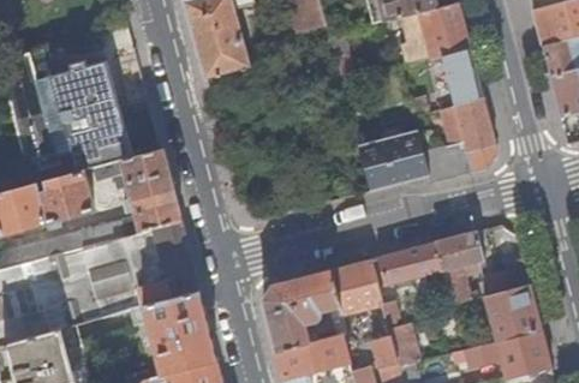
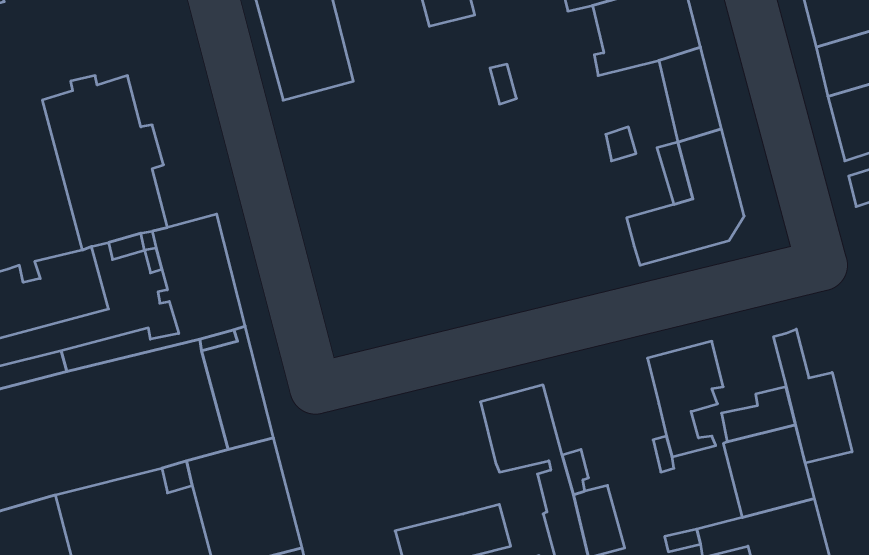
building: [358,127,426,192] -> none
building: none -> [774,329,852,463]
building: [378,243,442,286] -> none
building: [262,270,339,352] -> none

